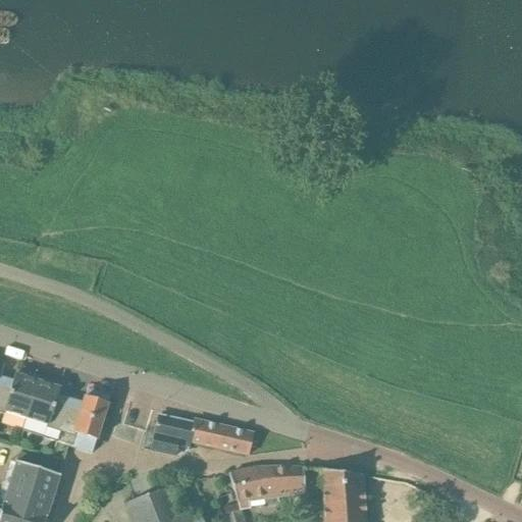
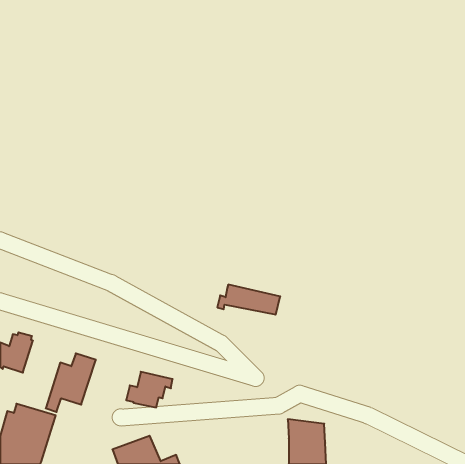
building: [28,377,69,456] -> none
building: [184,419,254,453] -> [217,285,280,315]
building: [230,466,307,507] -> none

